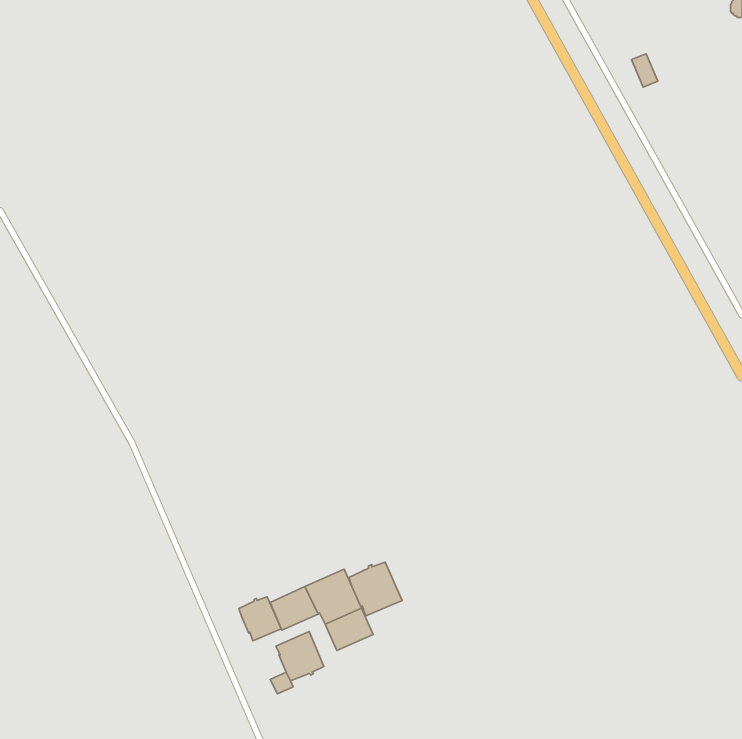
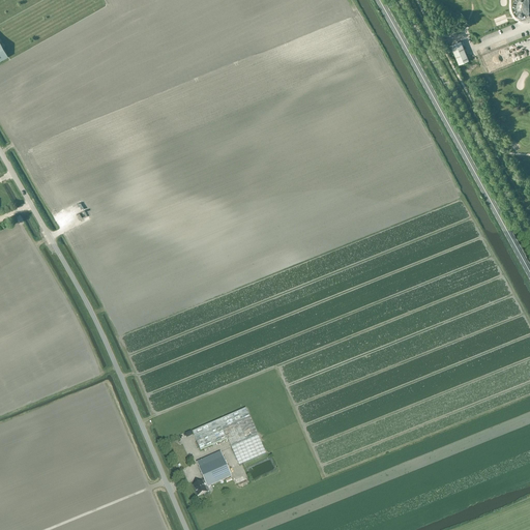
building: [349,562,402,616] -> none
building: [239,597,281,641] -> none

